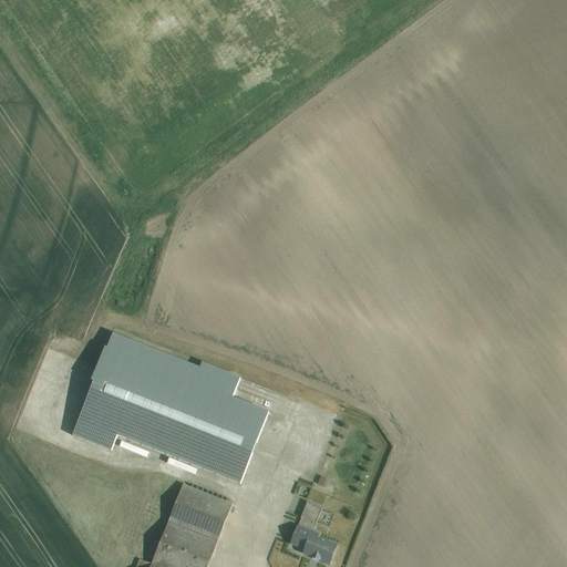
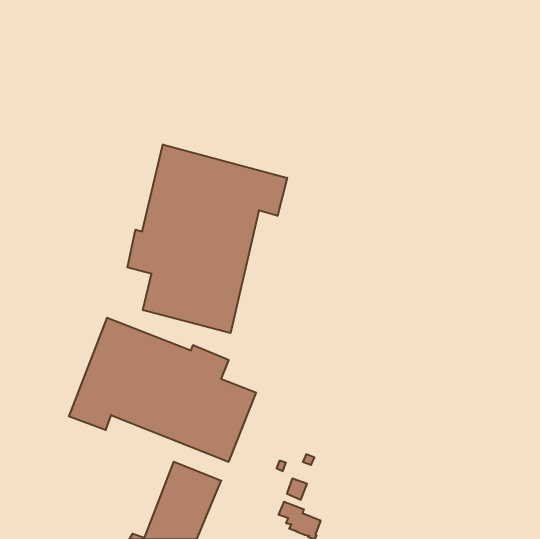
building: none -> [127,144,287,333]

